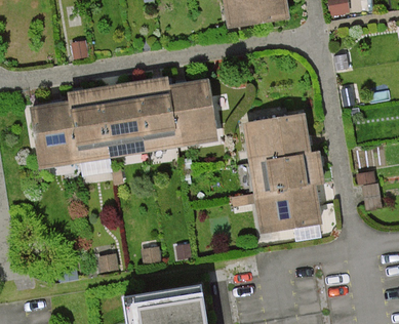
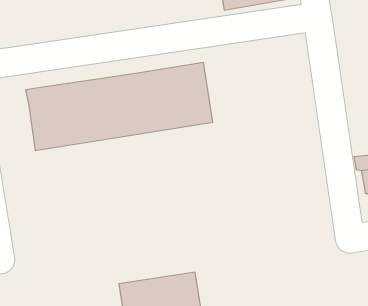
building: [247,118,322,231] -> none

